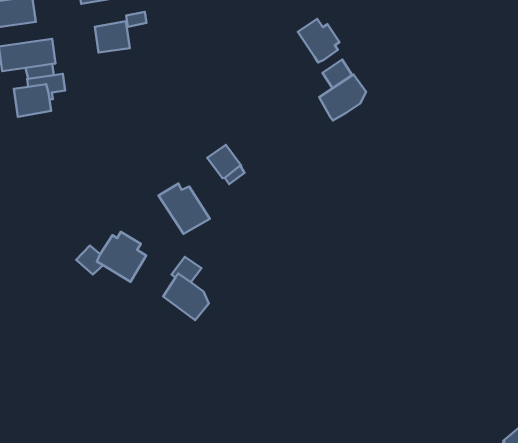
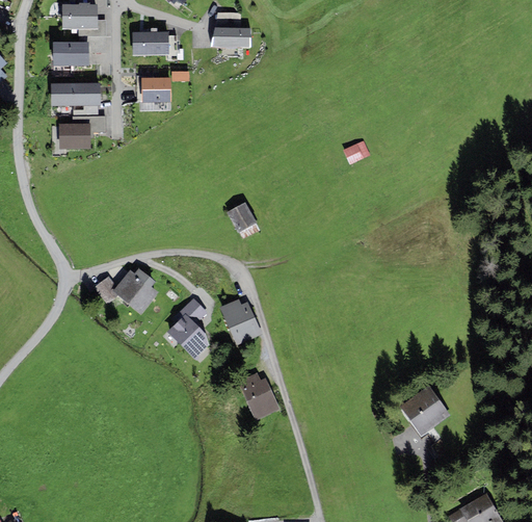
building: [298,19,340,63] -> none
building: [319,74,366,121] -> none
building: [159,183,210,234] -> [219,298,263,345]
building: none -> [399,386,451,437]
building: none -> [237,372,281,421]

